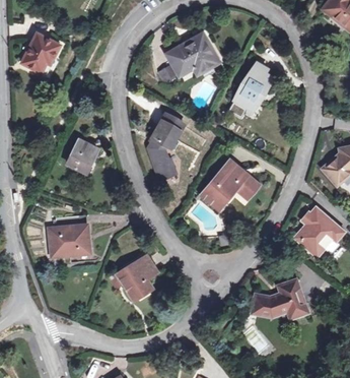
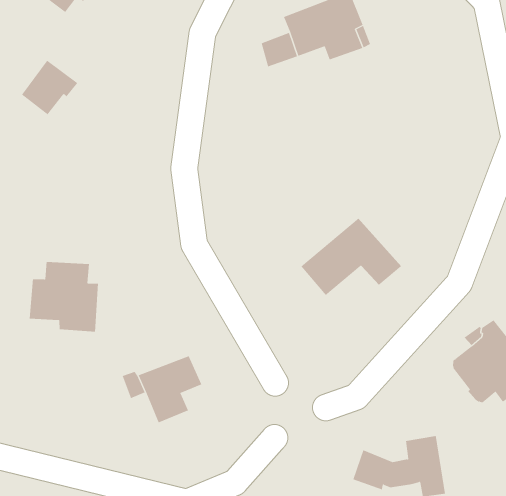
building: [233,62,273,112] -> none
building: [149,113,184,179] -> none
building: [67,140,98,172] -> [21,60,78,115]

